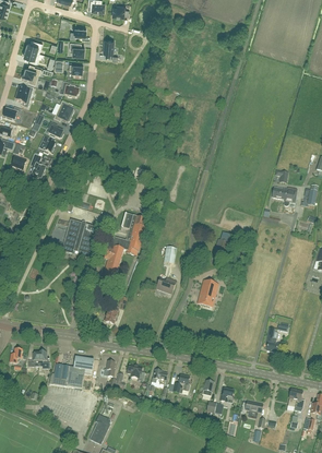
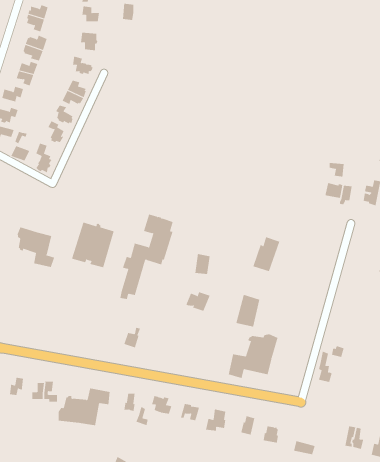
building: none -> [17,227,55,268]
building: none -> [228,334,278,379]

